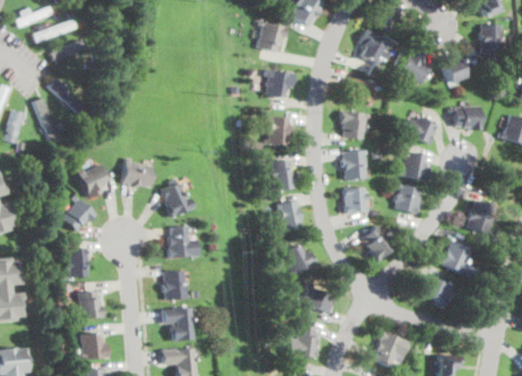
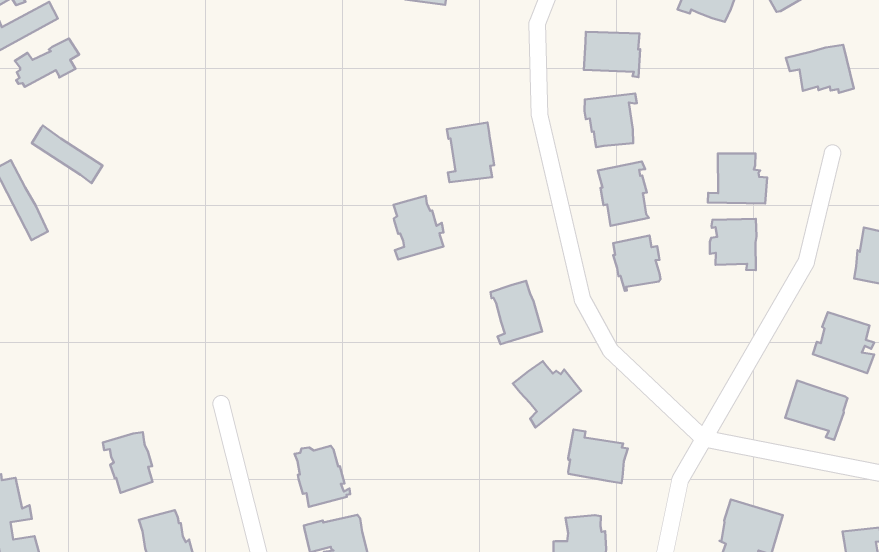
building: [263,68,295,96] -> none
building: [400,118,436,145] -> none
building: [123,159,153,187] -> none
building: [269,161,296,192] -> [394,196,444,259]
building: [76,164,108,198] -> none
building: [161,179,194,218] -> none
building: [61,196,96,231] -> none
building: [167,226,198,259] -> none
building: [362,226,394,262] -> none

